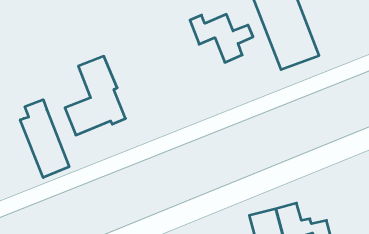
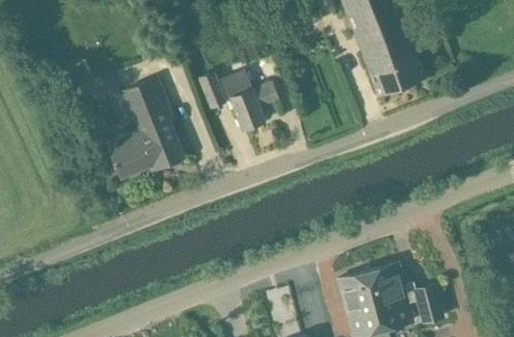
building: [190,14,253,62] -> [198,70,277,130]
building: [20,100,69,178] -> none

